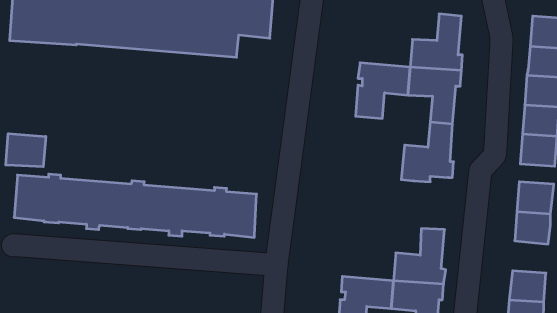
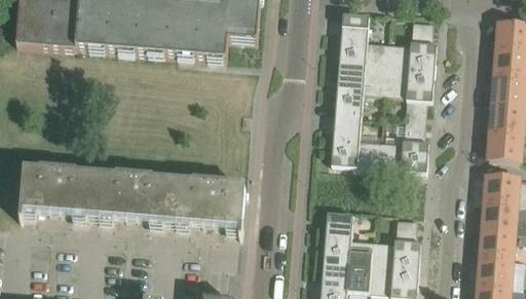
building: none -> [340,10,388,65]
building: none -> [332,110,381,169]
building: [6,134,46,167] -> none
building: none -> [324,208,373,262]
building: none -> [481,225,514,255]

